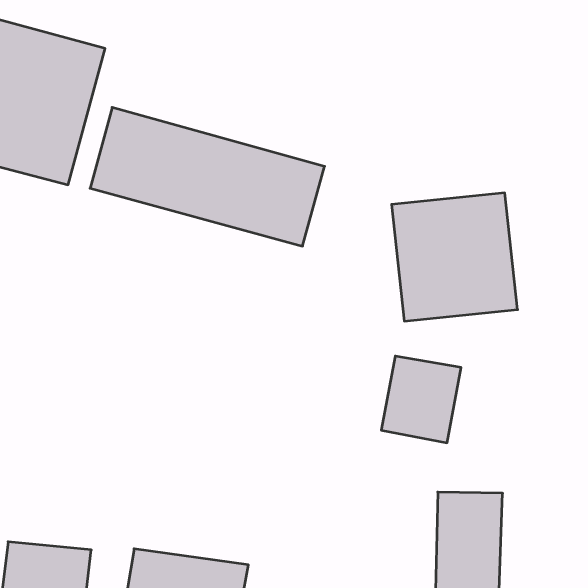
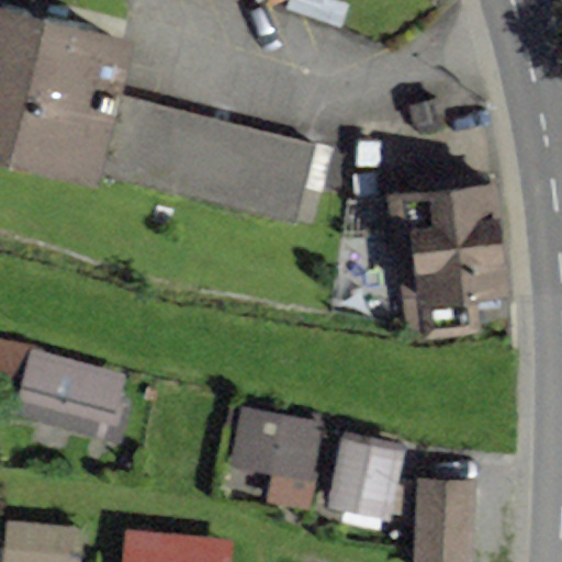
building: [381,356,461,443] -> [326,436,402,518]
building: none -> [10,345,132,443]
building: none -> [231,407,324,505]

